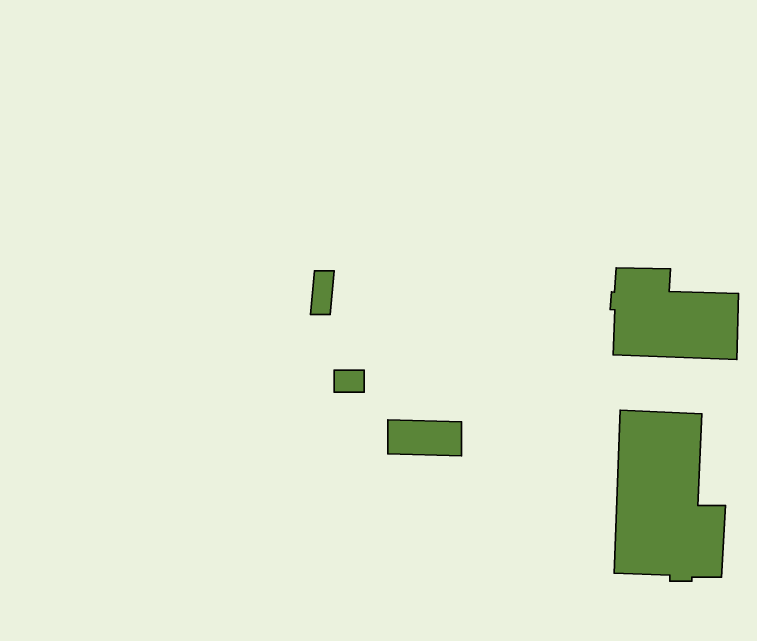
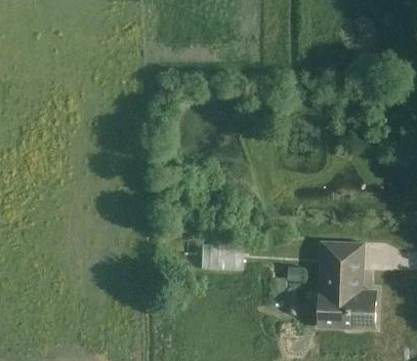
building: [610,268,738,359] -> none

